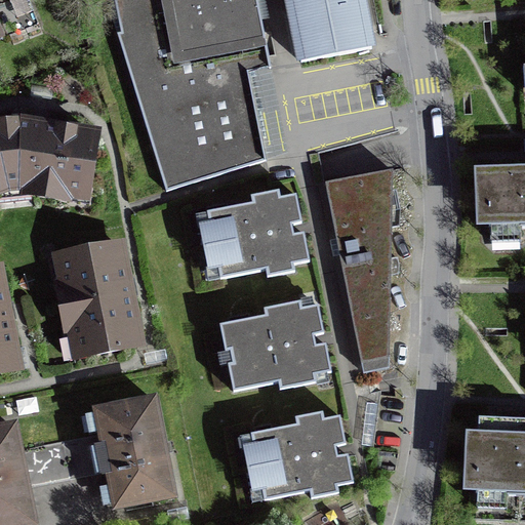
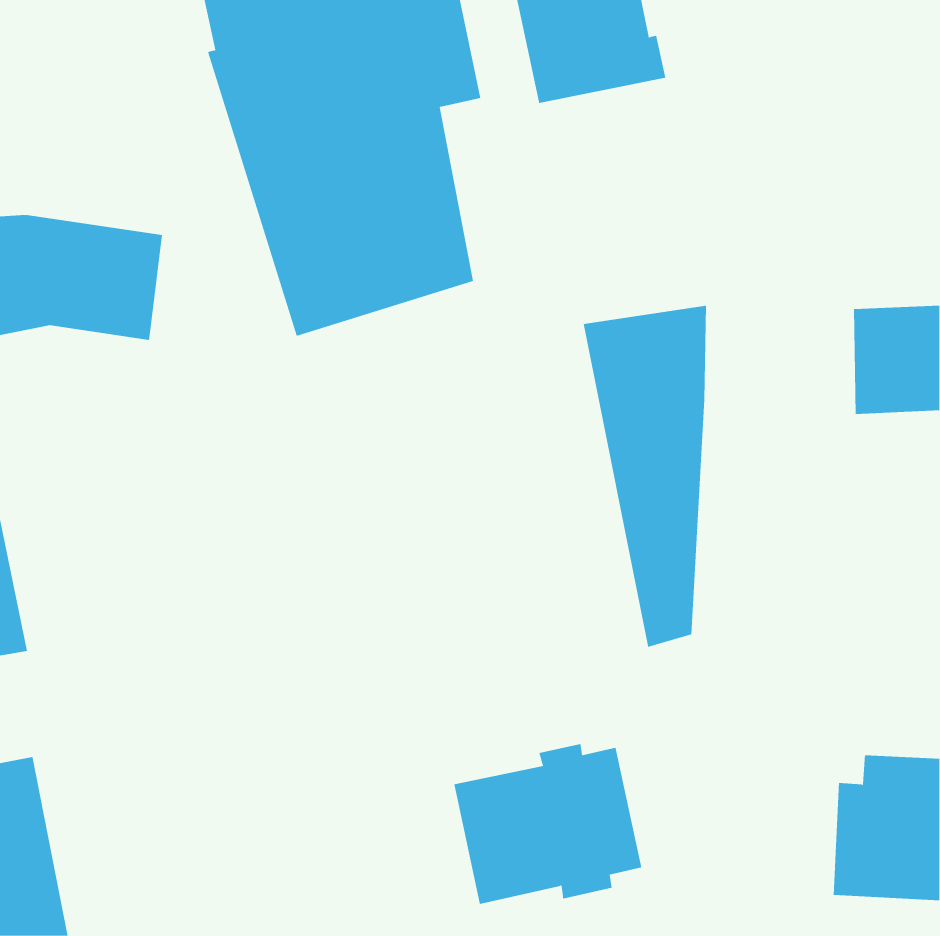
building: [208,187,309,276] -> none
building: [51,239,137,352] -> none
building: [220,300,331,391] -> none
building: [91,393,179,512] -> none

